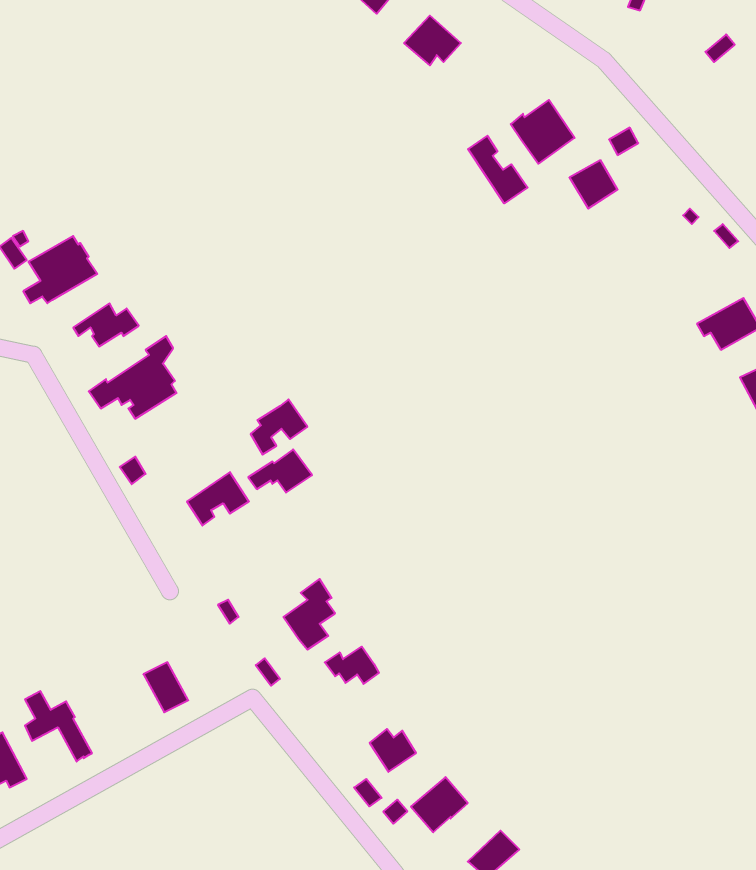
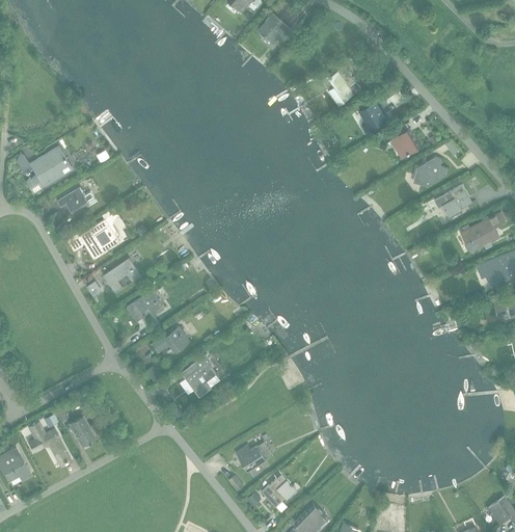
building: [468,136,528,203] -> none
building: none -> [392,124,417,156]
building: none -> [412,157,446,186]
building: [251,399,307,455] -> [105,258,139,291]
building: [248,449,312,493] -> [151,326,189,352]
building: [325,647,379,684] -> none
building: [143,662,188,712] -> [67,416,94,446]

